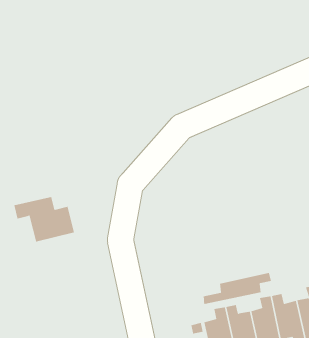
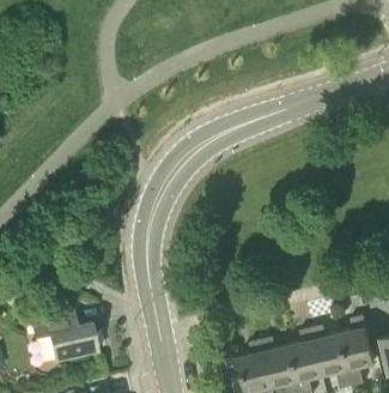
building: [14,196,75,242] -> [31,313,98,363]
building: [203,272,271,305] -> none

